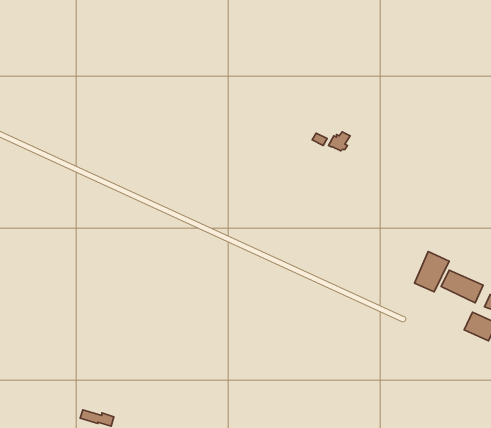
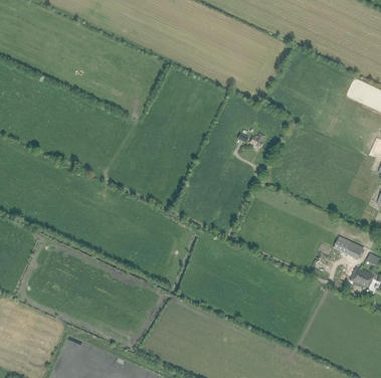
building: [414,252,449,292] -> none

